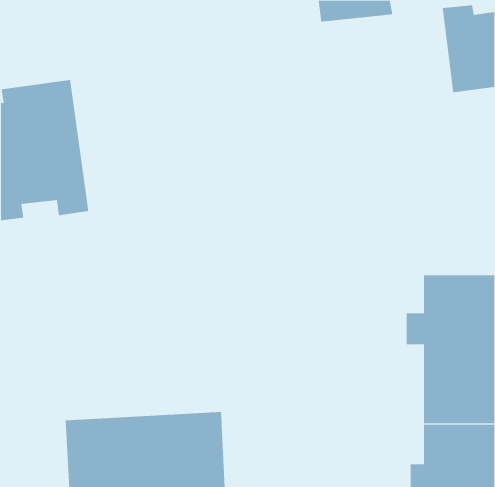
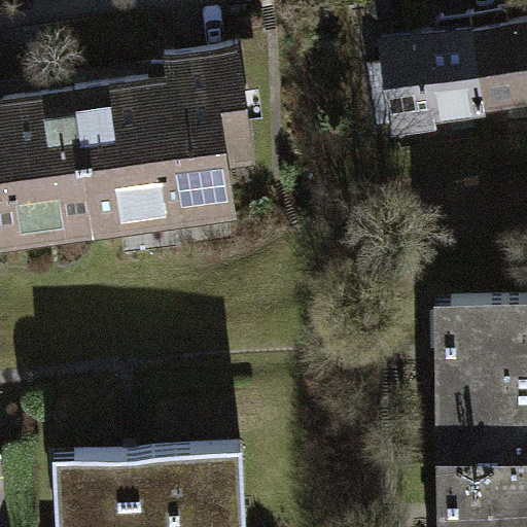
building: none -> [374,16,481,119]
building: none -> [75,48,251,233]

